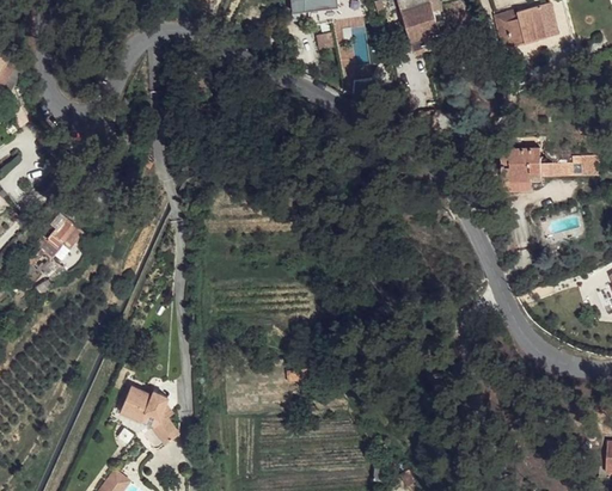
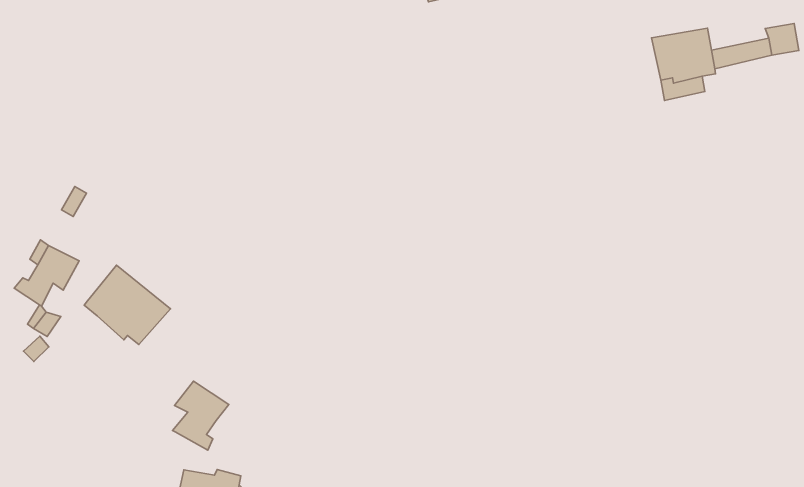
building: none -> [84,265,171,345]
building: none -> [172,381,229,450]

